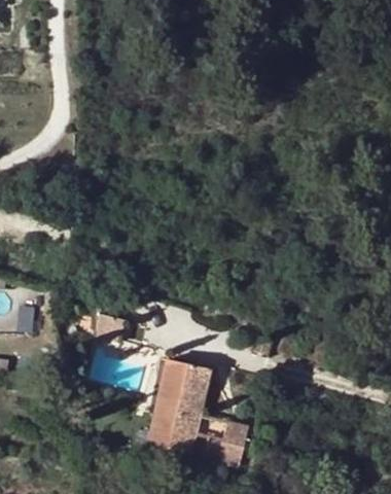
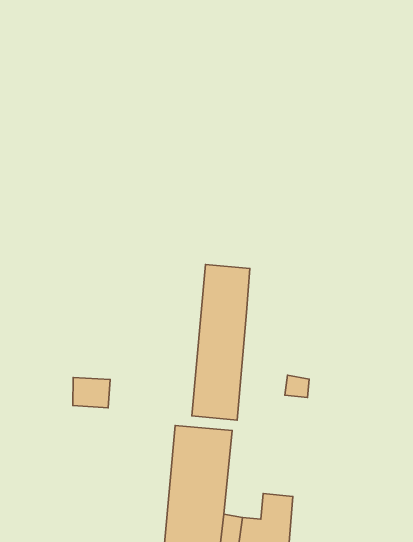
building: none -> [192,265,250,420]

